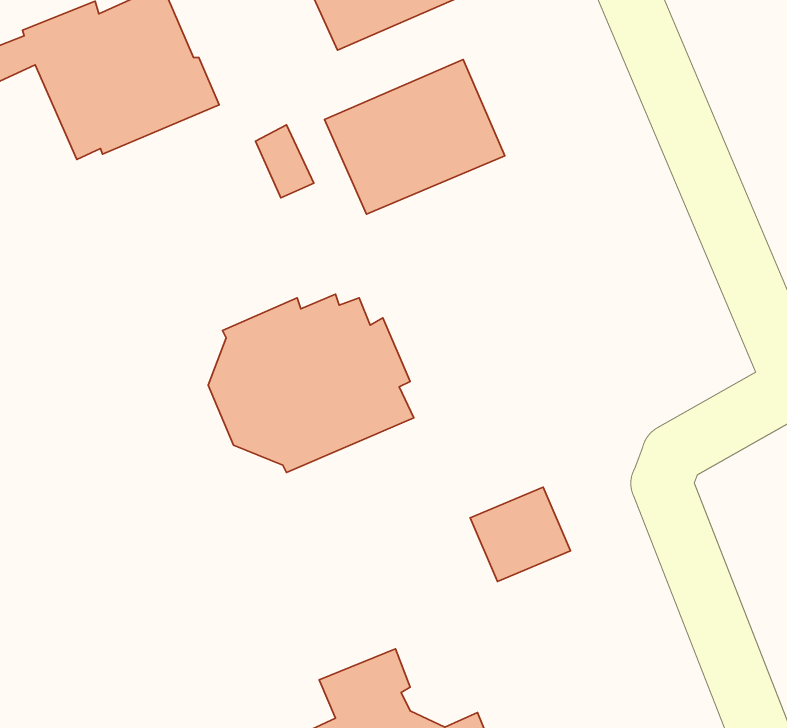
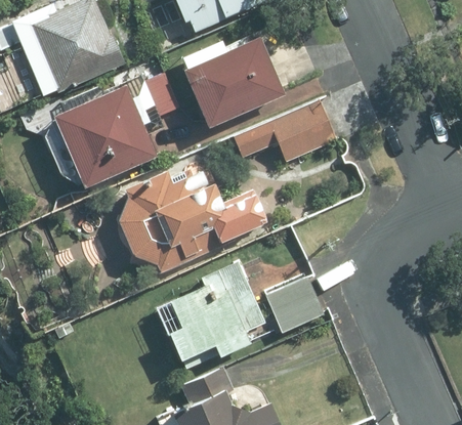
building: none -> [57,85,158,185]
building: none -> [234,102,335,163]
building: none -> [172,264,263,370]

